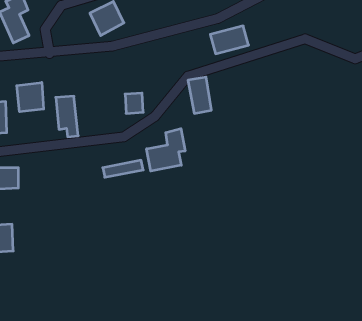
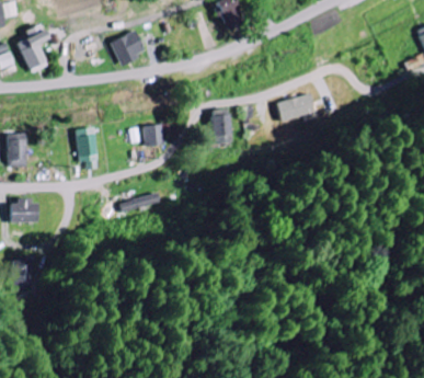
building: [210,26,249,54] -> [278,92,318,121]
building: [17,82,44,112] -> none
building: [147,129,185,171] -> none

